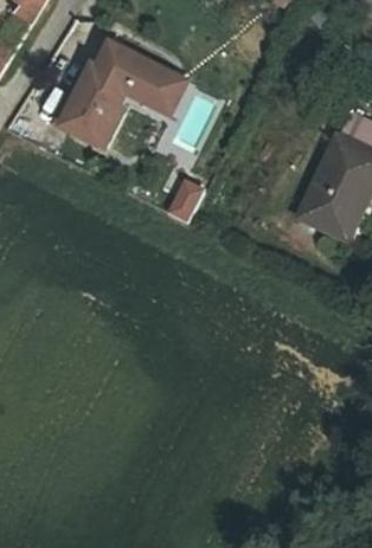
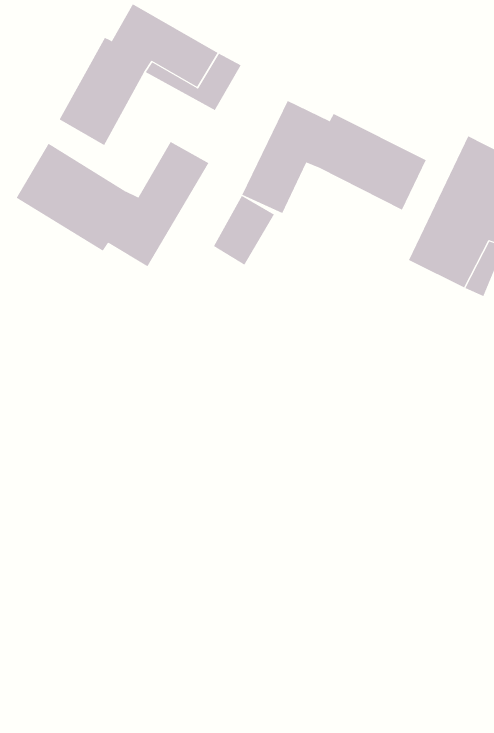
building: none -> [241,100,427,214]
building: none -> [16,141,209,267]

